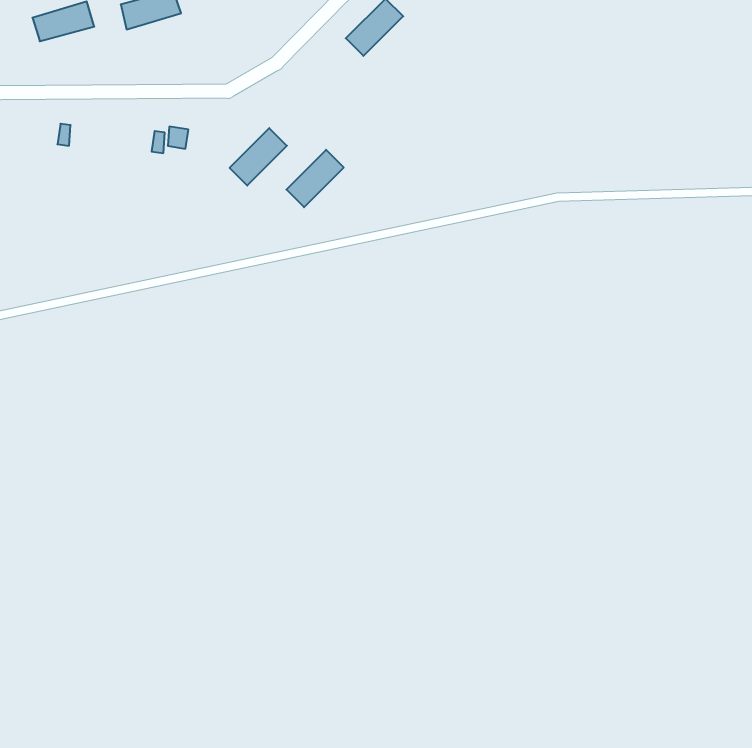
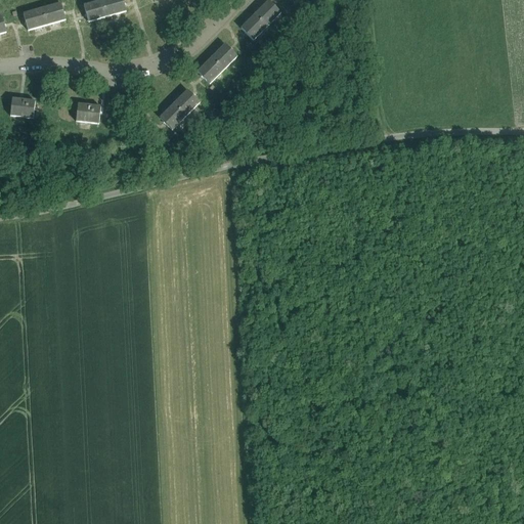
building: none -> [10,97,35,117]
building: none -> [76,102,100,123]
building: [286,150,344,207] -> [198,42,237,82]

